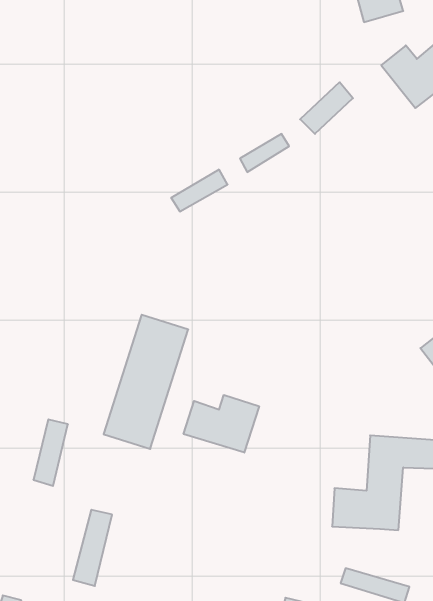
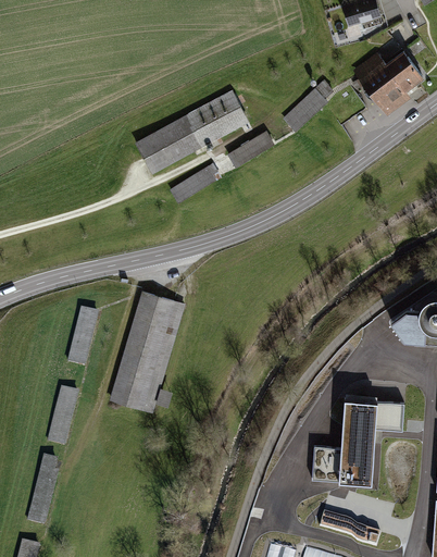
building: none -> [140,90,251,173]
building: none -> [68,307,98,364]
building: [184,395,259,453] -> none
building: [73,510,112,586] -> [25,457,60,524]

